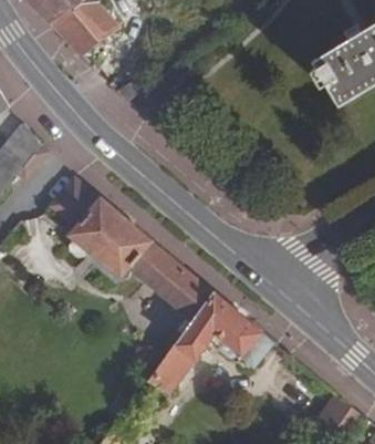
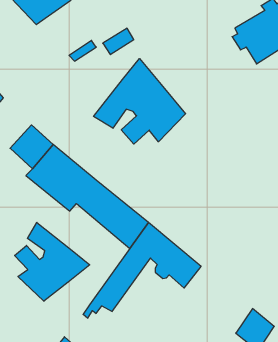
building: none -> [94,59,186,144]
building: none -> [15,222,90,301]

